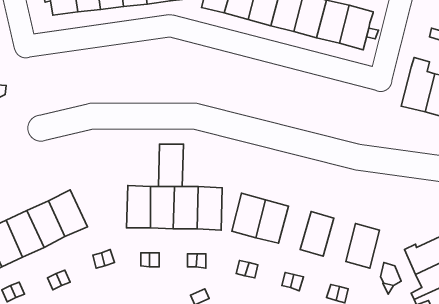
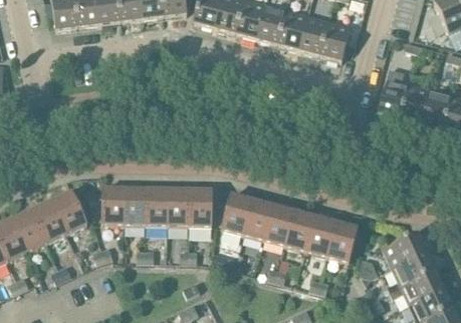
building: [158,144,183,187] -> [101,188,125,227]
building: none -> [264,207,294,247]
building: none -> [305,218,335,258]

